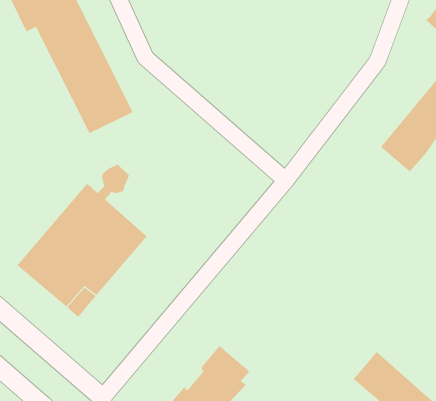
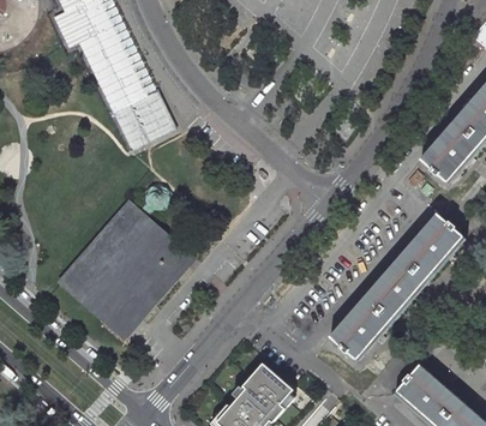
building: none -> [331,215,464,360]

